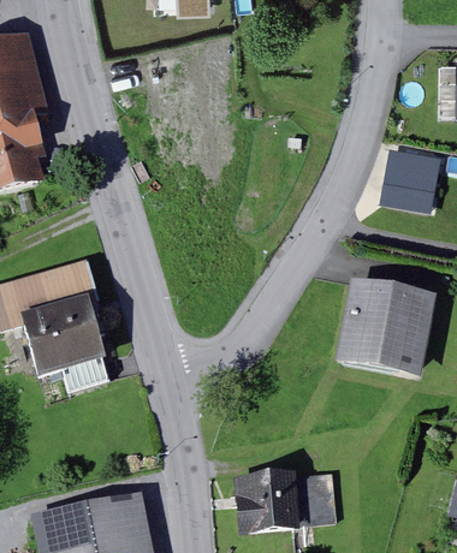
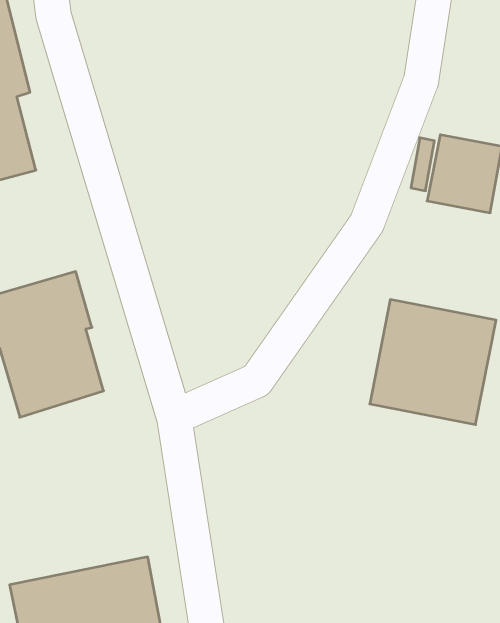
building: [225,470,334,534] -> none

